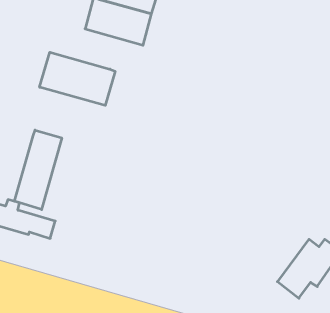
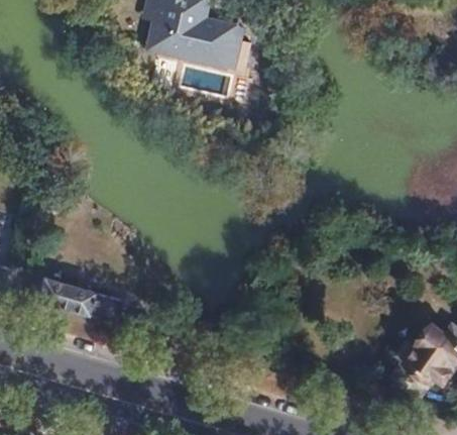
building: [40,52,115,105] -> none
building: [14,130,62,210] -> none

